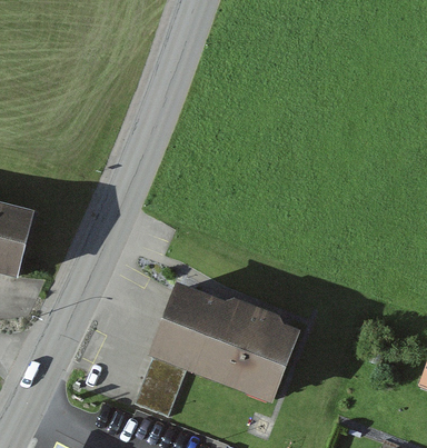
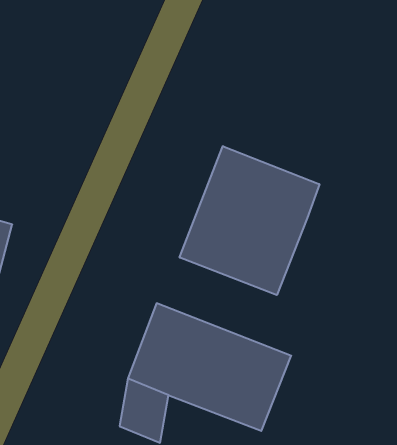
building: none -> [180,146,319,295]

